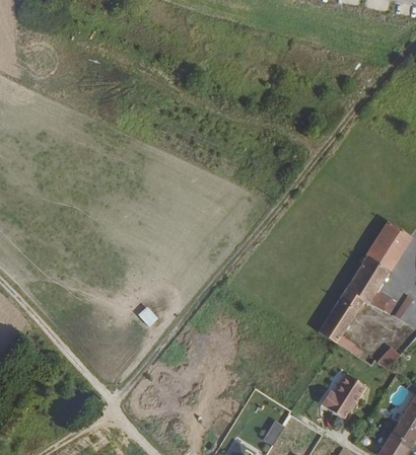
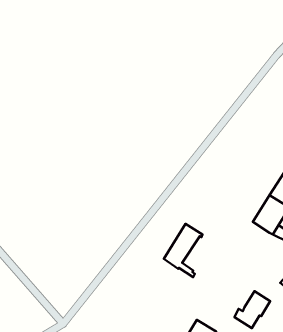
building: [319,290,365,355] -> [164,224,202,277]

